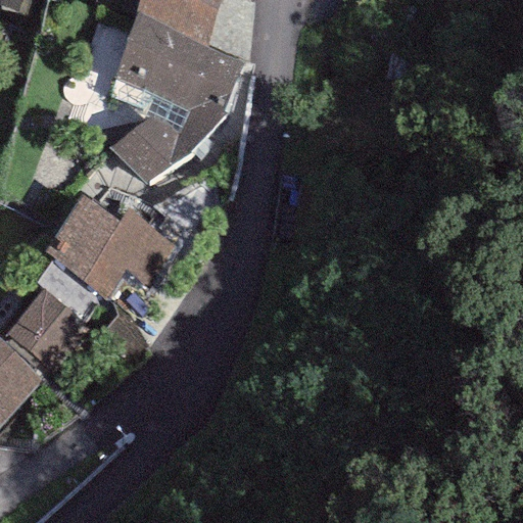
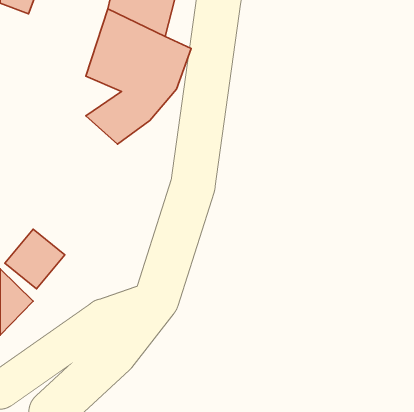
building: [43,195,175,296] -> none

